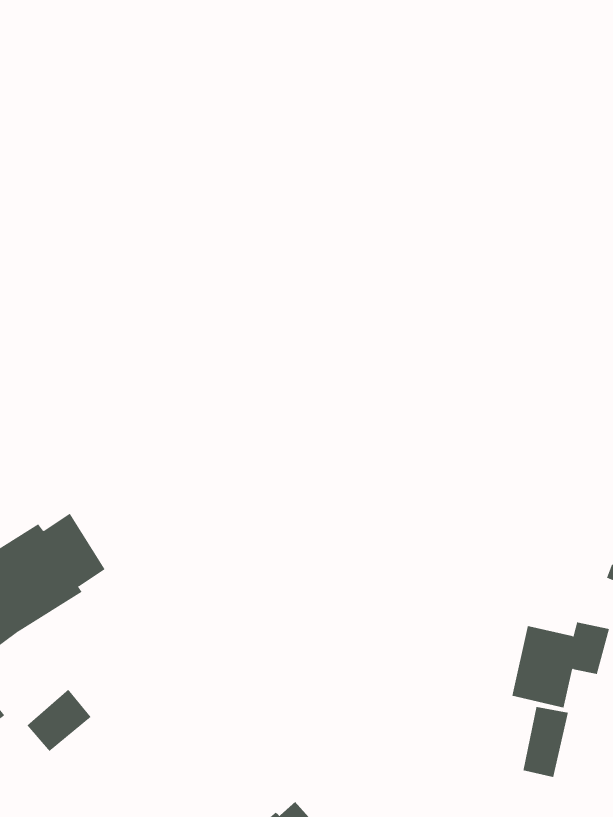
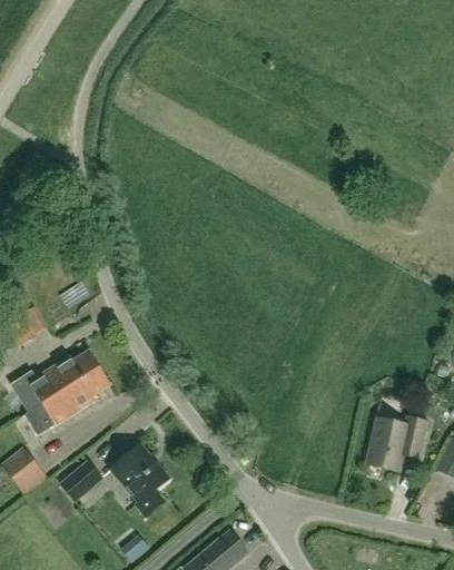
building: none -> [112,445,169,515]
building: [523,706,568,778] -> none

